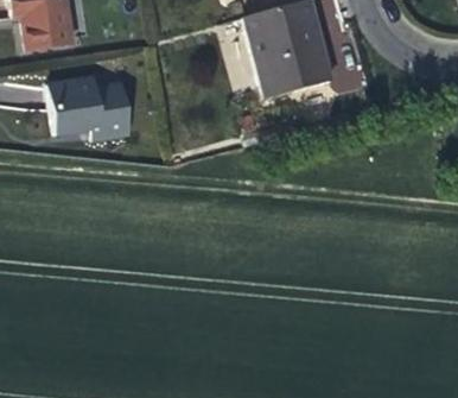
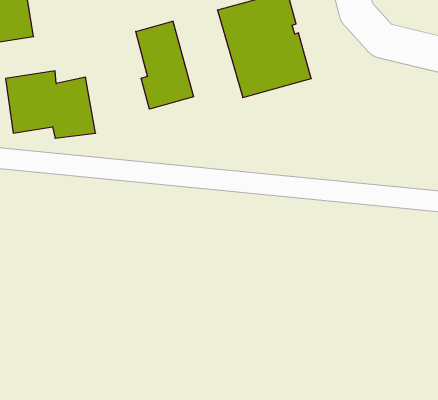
building: none -> [136,21,193,109]

